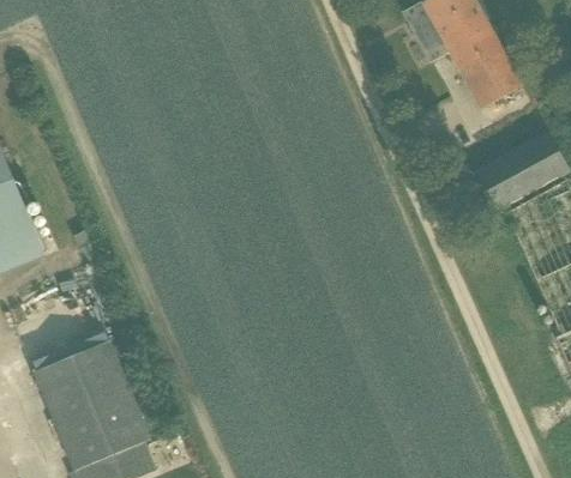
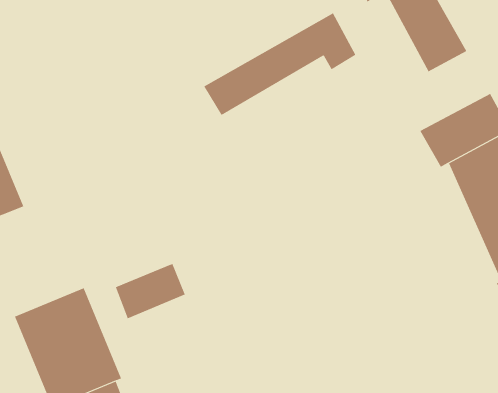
building: none -> [204,13,356,116]
building: none -> [115,263,186,319]

